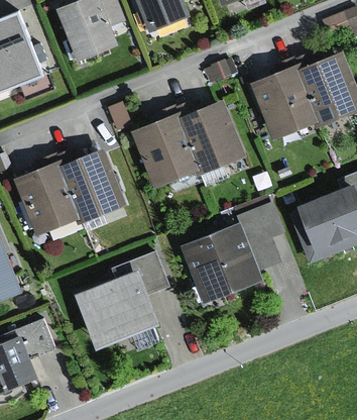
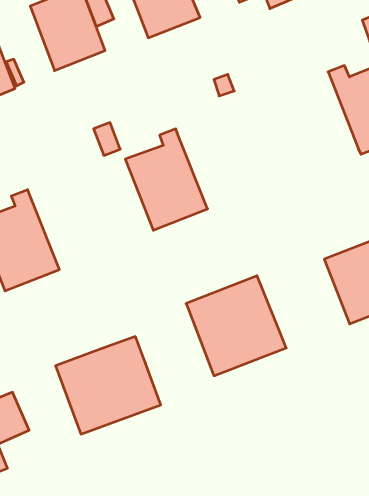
building: [251,60,317,139] -> none
building: [172,100,245,175] -> none
building: [54,148,127,223] -> none
building: [233,201,283,272] -> none
building: [109,250,167,294] -> none

